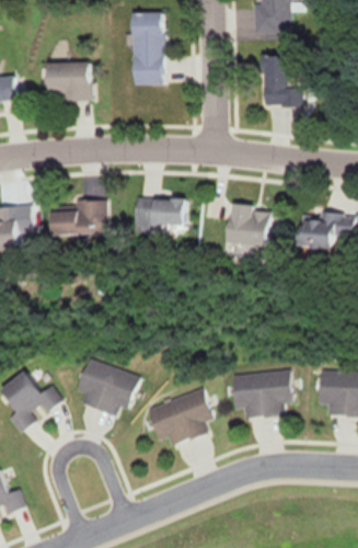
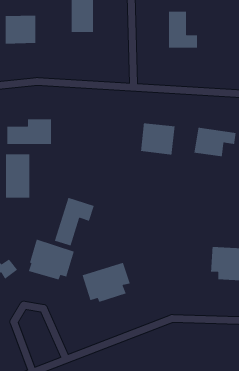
building: [135,197,186,233] -> none
building: none -> [5,154,30,198]
building: none -> [54,197,95,246]
building: [231,370,291,418] -> none

